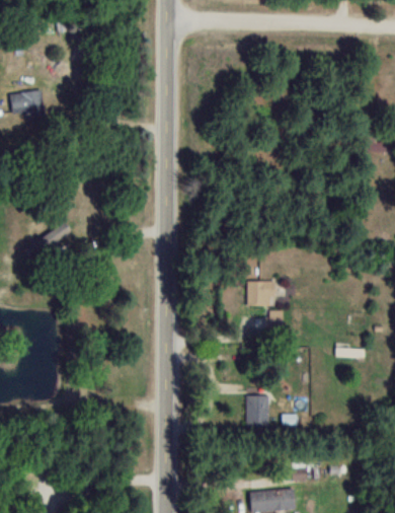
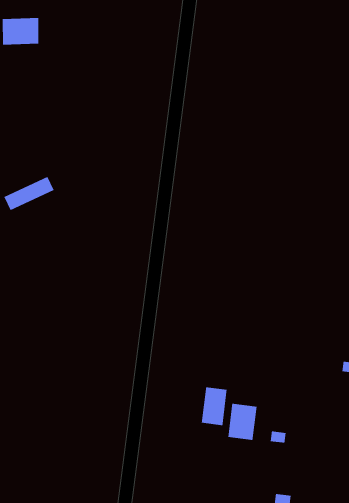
building: [247,282,274,306] -> none
building: none -> [201,386,227,426]

